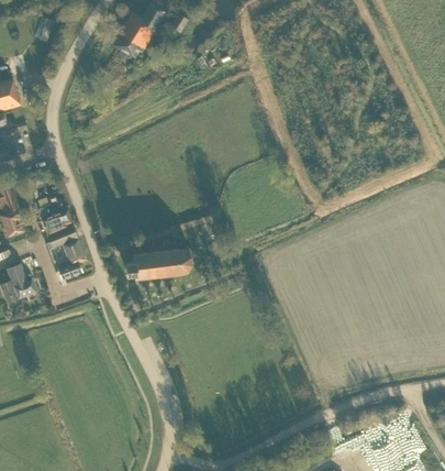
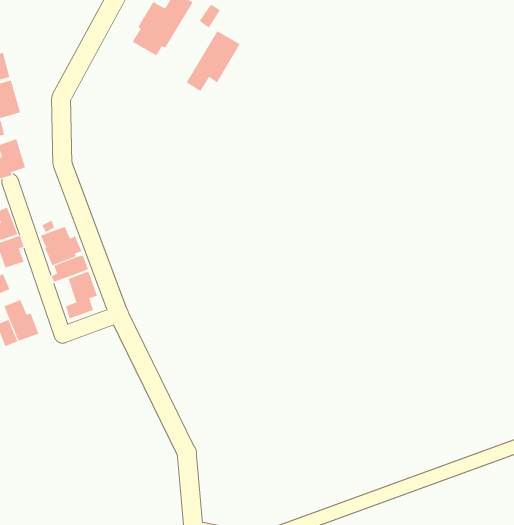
building: none -> [186,30,241,92]
building: [126,250,192,280] -> none

